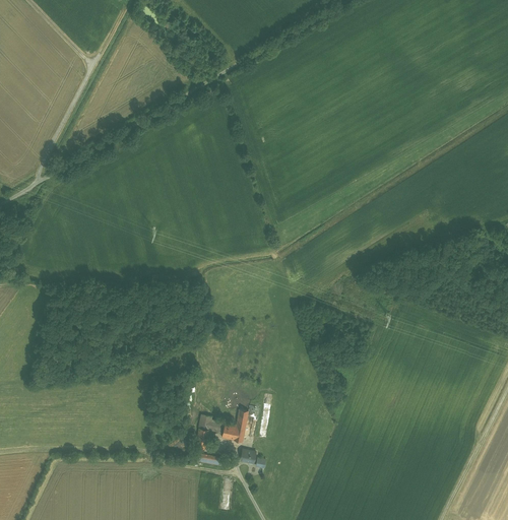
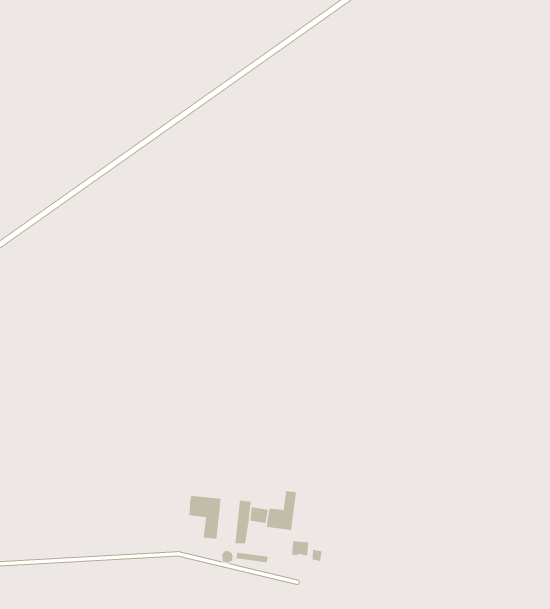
building: none -> [189,495,221,539]

